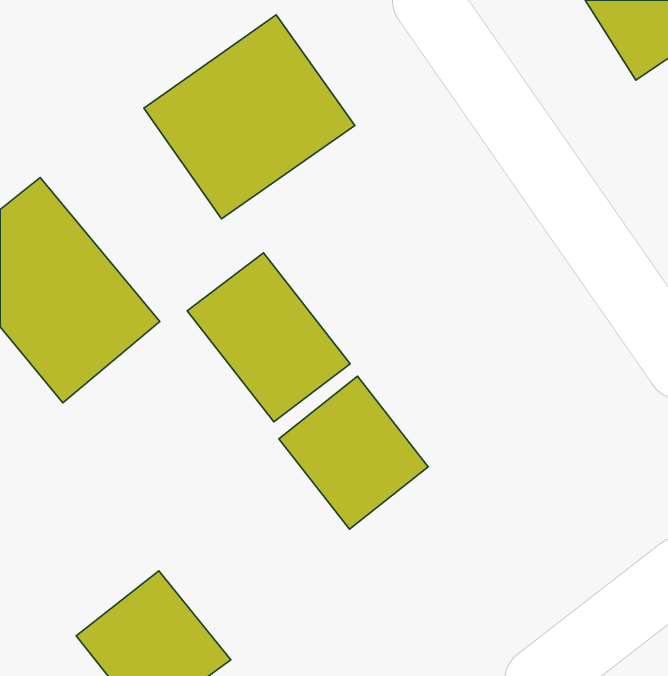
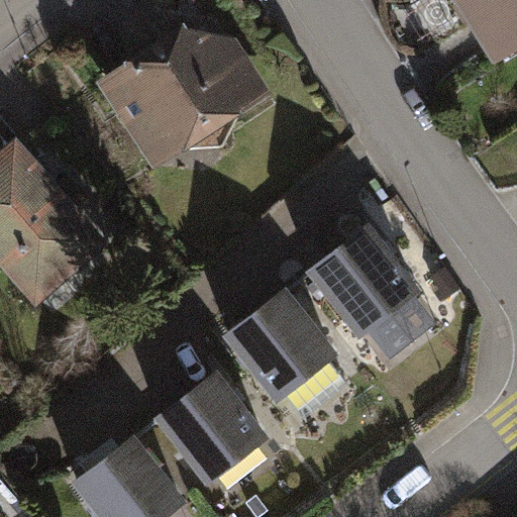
building: [187,253,350,422] -> none
building: none -> [305,225,417,339]
building: none -> [152,373,267,488]

